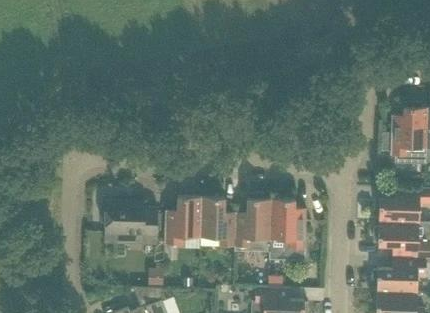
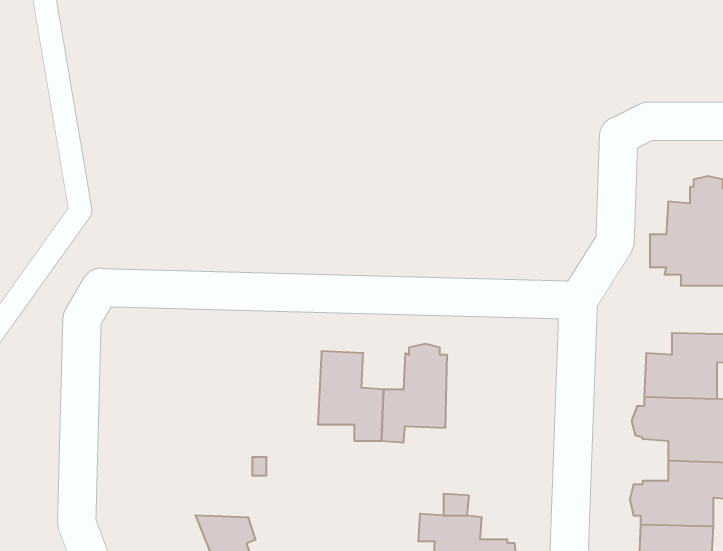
building: [164,198,202,247] -> none
building: [270,201,306,261] -> none
building: [104,202,158,246] -> none

